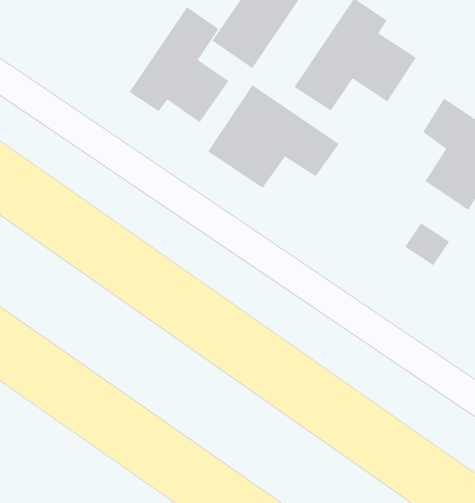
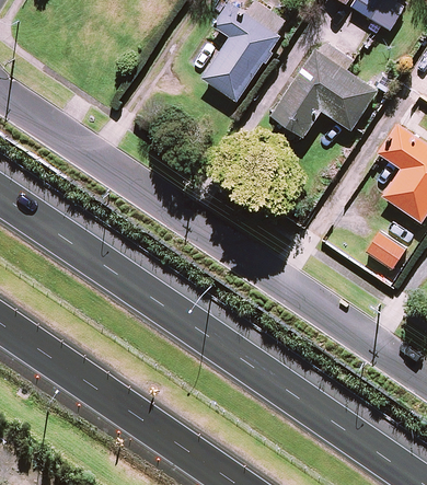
building: [129,6,229,123] -> none
building: [207,84,340,189] -> none

